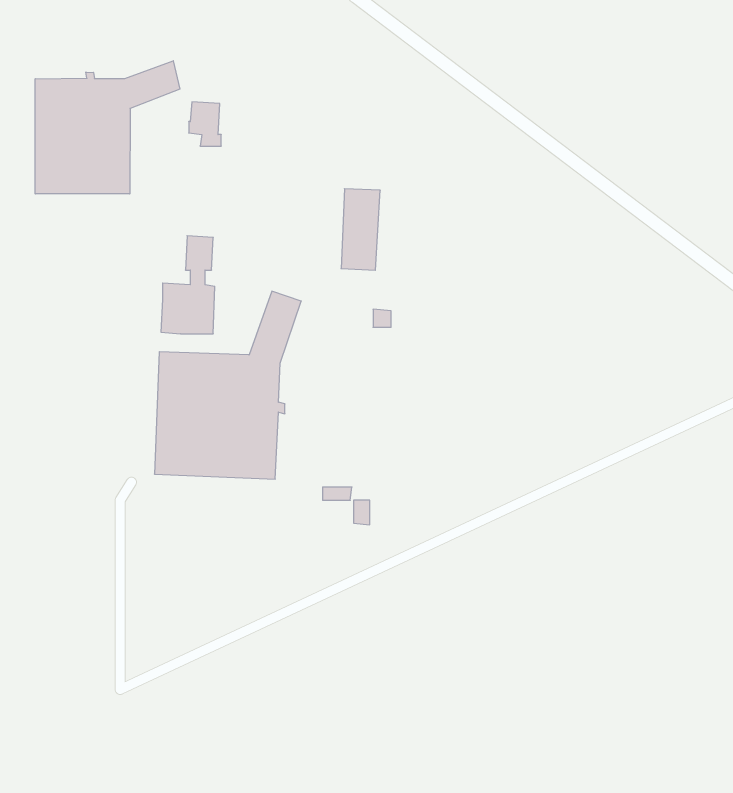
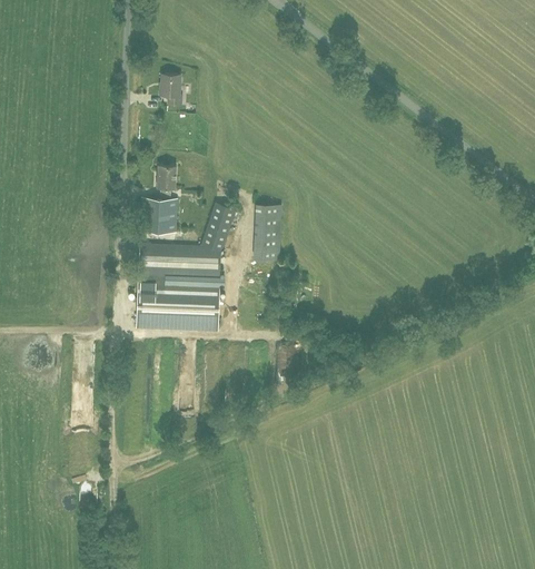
building: [35,61,180,194] -> none
building: [341,189,380,270] -> [254,204,280,259]

